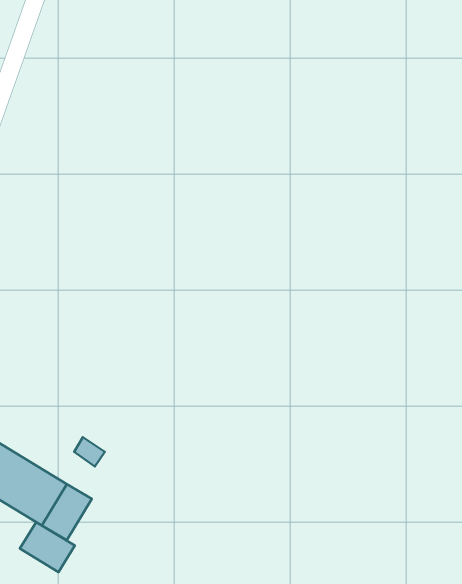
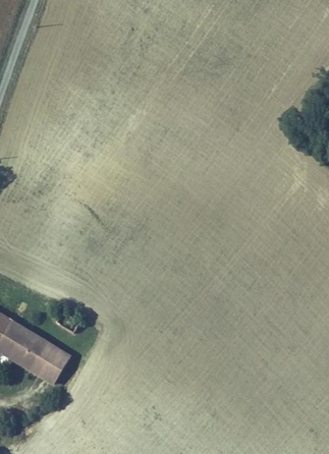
building: [20,522,75,572] -> none

